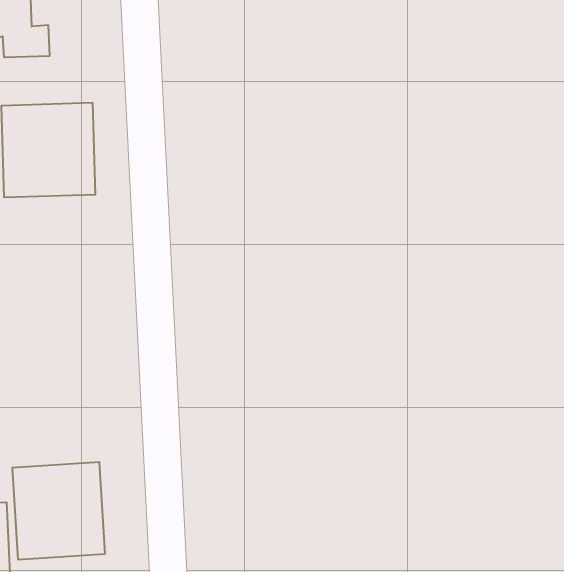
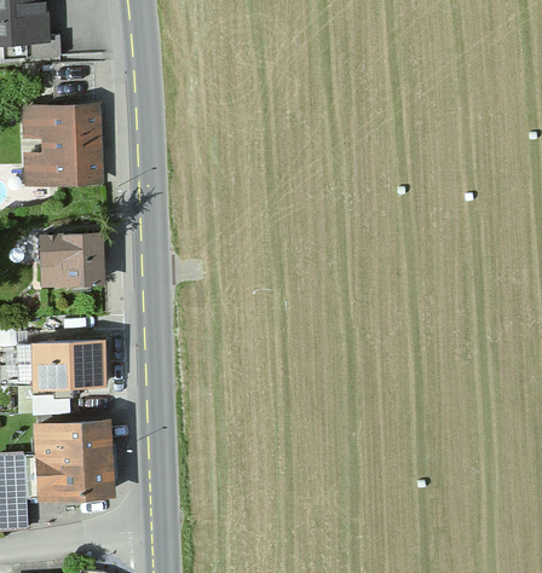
building: none -> [41,233,100,285]
building: none -> [27,340,103,395]

